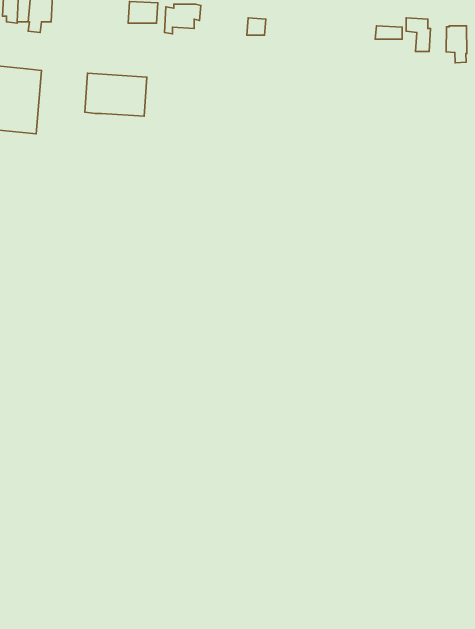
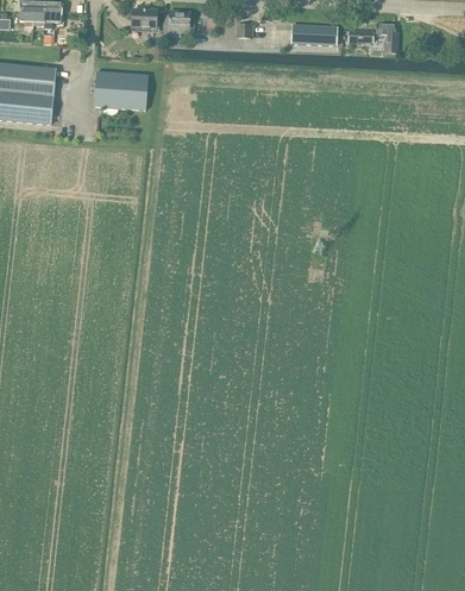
building: none -> [290,24,337,45]
building: [446,26,467,63] -> none

